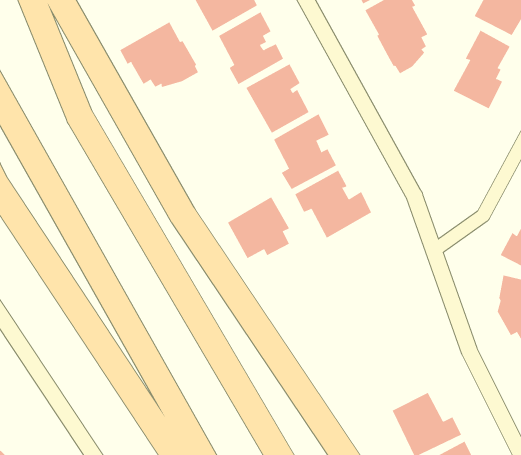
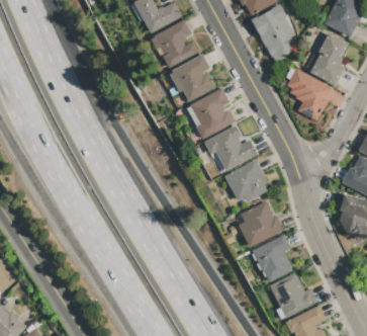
building: [120,22,199,88] -> none
building: none -> [287,69,332,120]
building: [227,197,290,259] -> [225,160,267,201]
building: none -> [239,202,283,248]
building: none -> [253,235,292,282]

